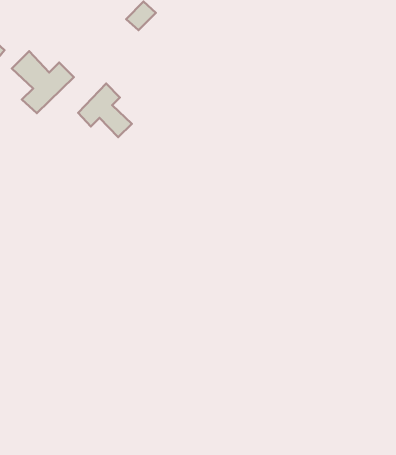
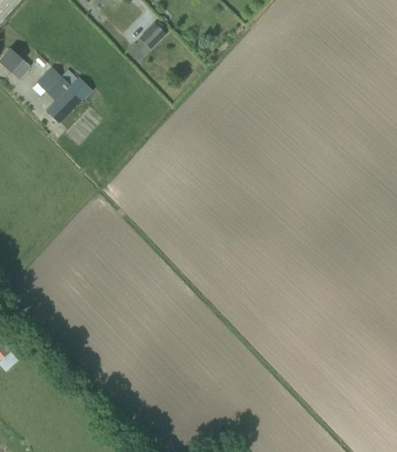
building: [78,84,132,137] -> none

